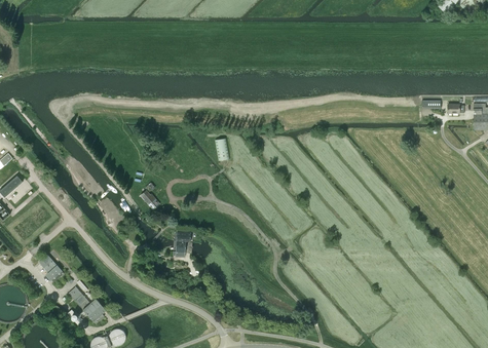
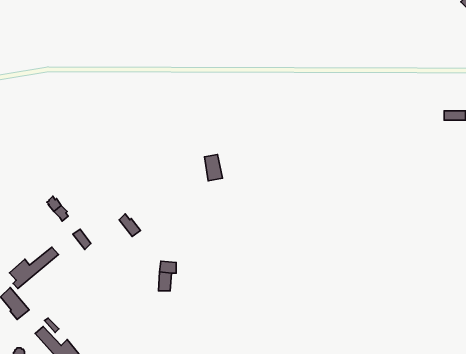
building: none -> [10,247,58,289]

